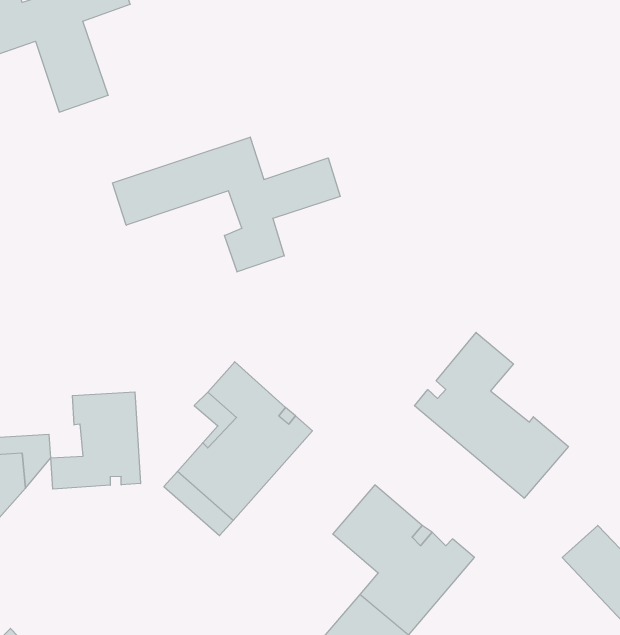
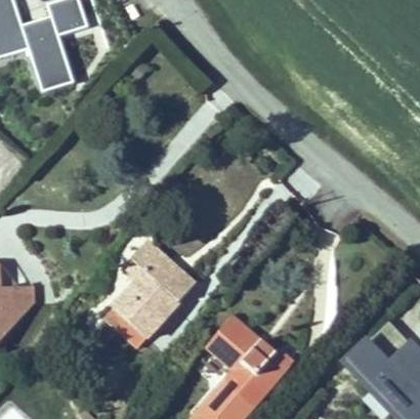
building: [113,137,340,272] -> none
building: [415,332,568,498] -> none
building: [51,392,140,489] -> none

